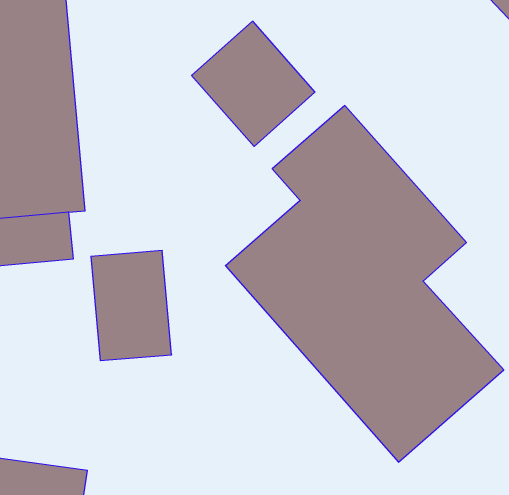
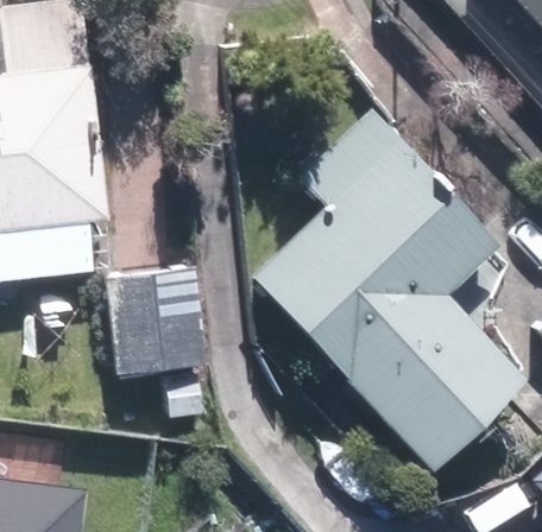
building: [192,21,315,146] -> none

